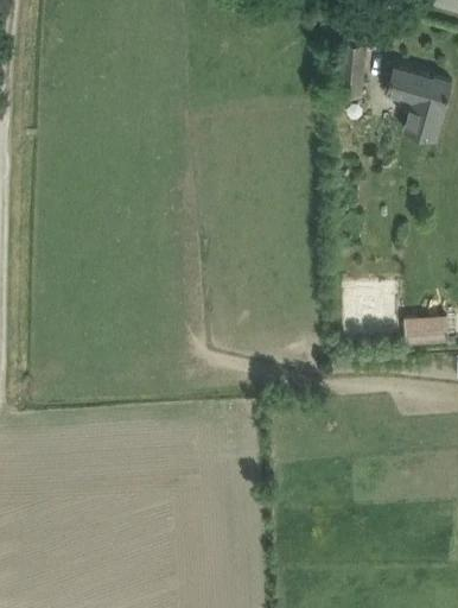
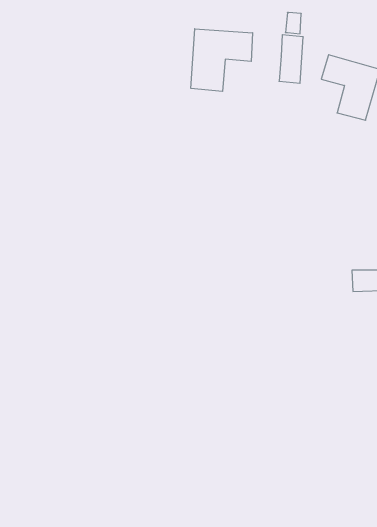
building: none -> [191,29,253,91]

